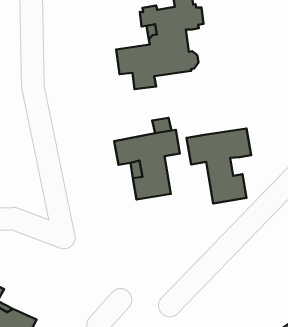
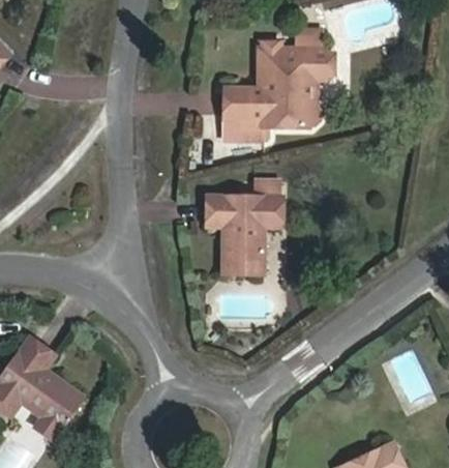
building: [187,129,251,204] -> none

